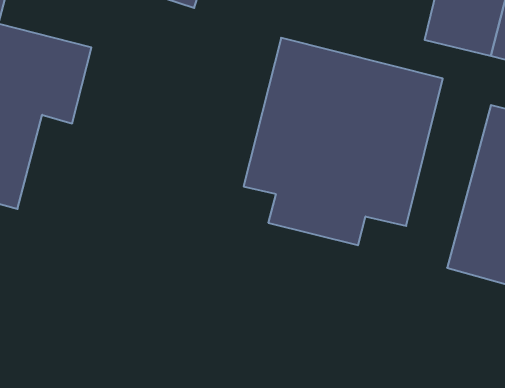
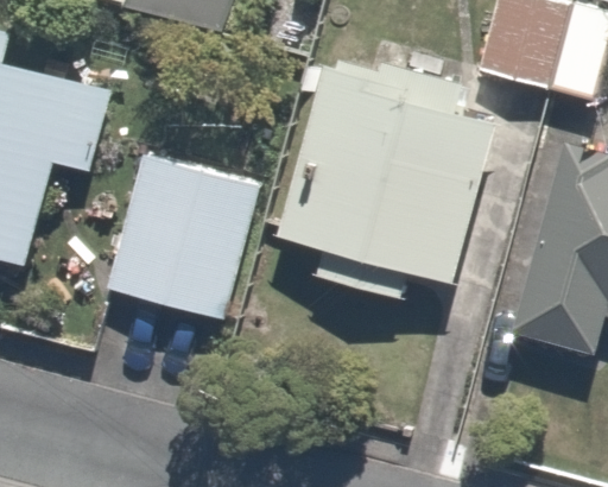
building: none -> [102,151,255,323]

